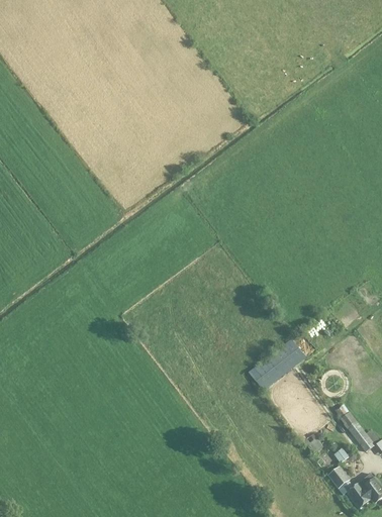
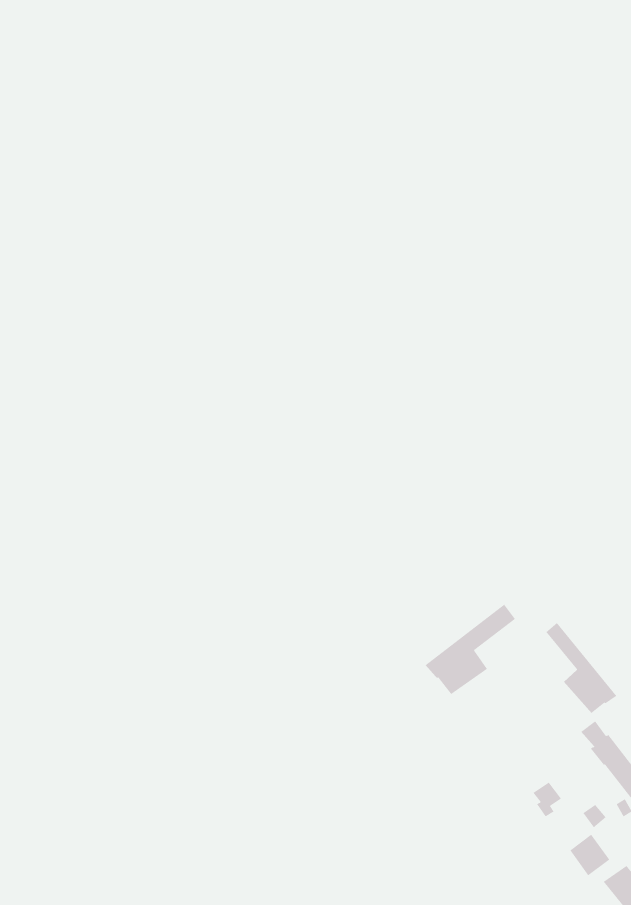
building: none -> [546,622,617,714]

